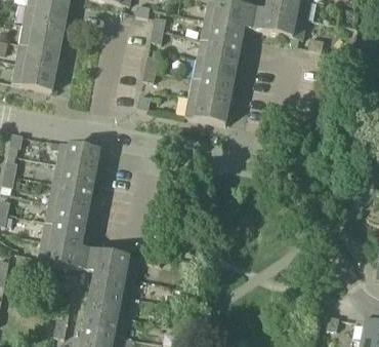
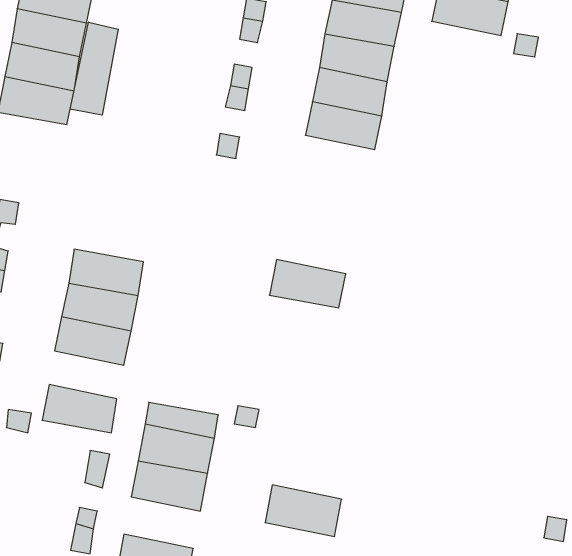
building: none -> [70,22,118,115]
building: [184,93,228,121] -> [269,260,346,308]
building: [55,140,99,166] -> none
building: [41,218,84,245] -> none
building: [84,302,128,332] -> [265,485,342,537]

